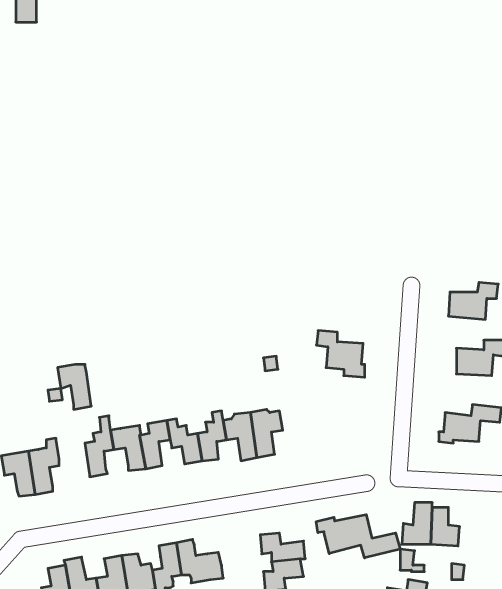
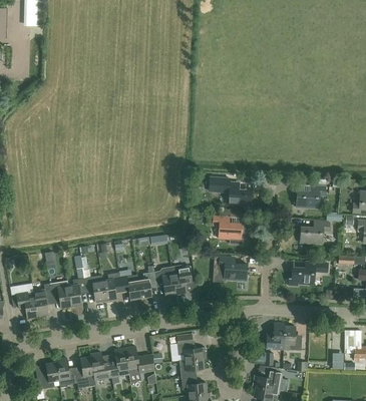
building: none -> [223,181,252,207]
building: [58,364,91,409] -> [50,281,71,309]
building: none -> [219,257,248,280]
building: [316,515,400,558] -> none

